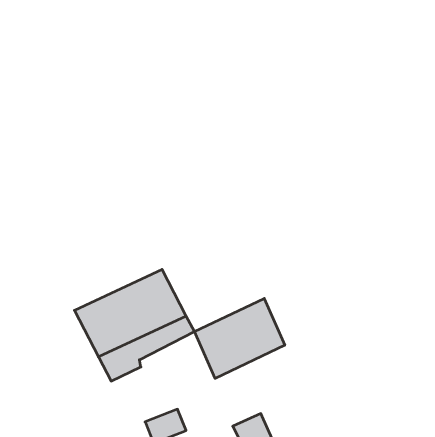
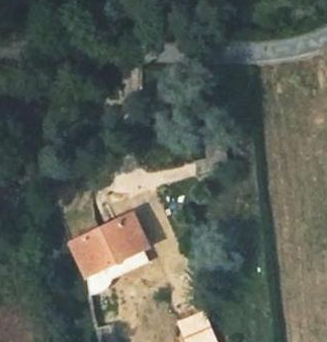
building: [195,298,285,378] -> none

